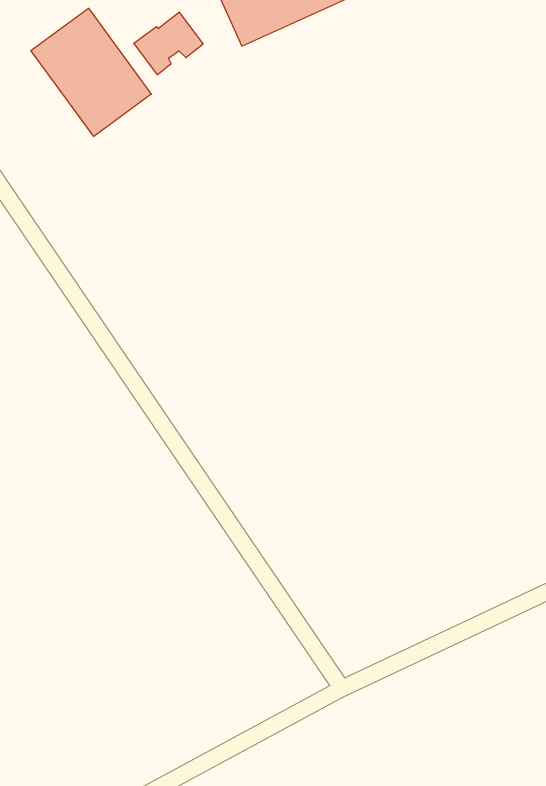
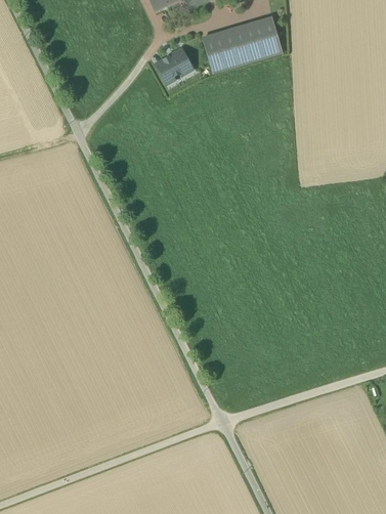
building: [31,8,151,136] -> none

